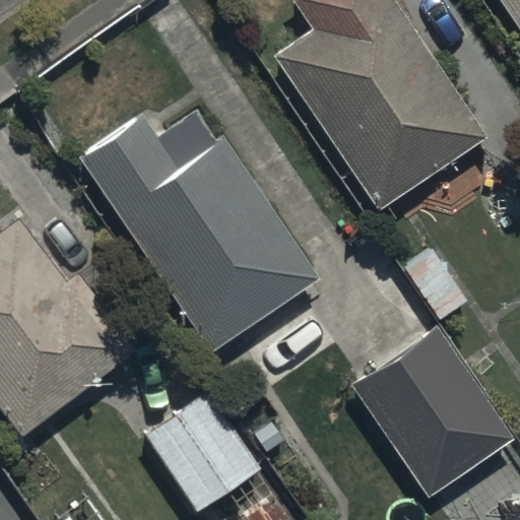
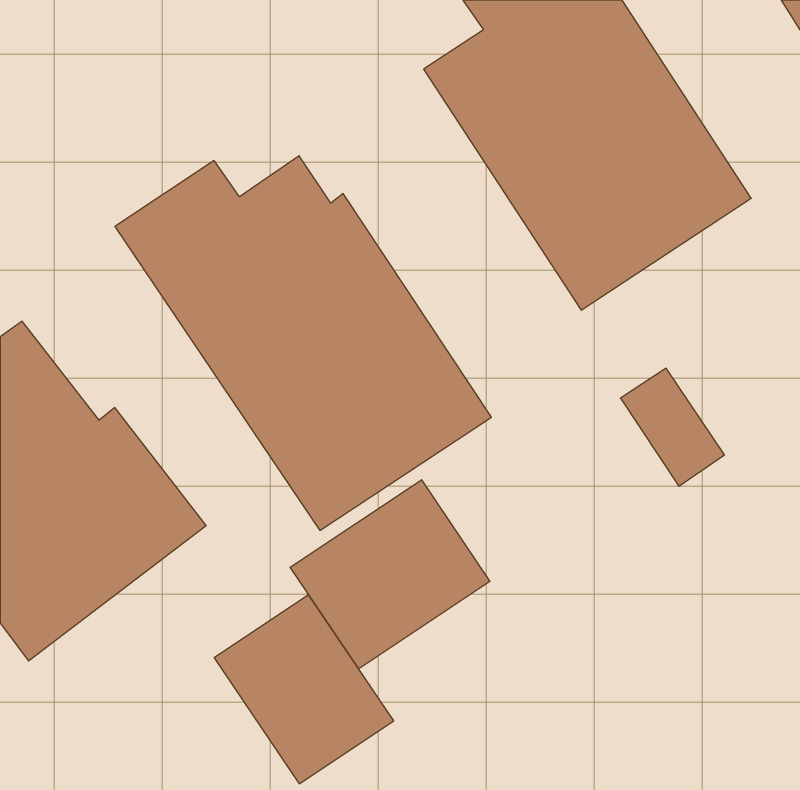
building: none -> [290,480,490,669]
building: [353,332,494,475] -> none

